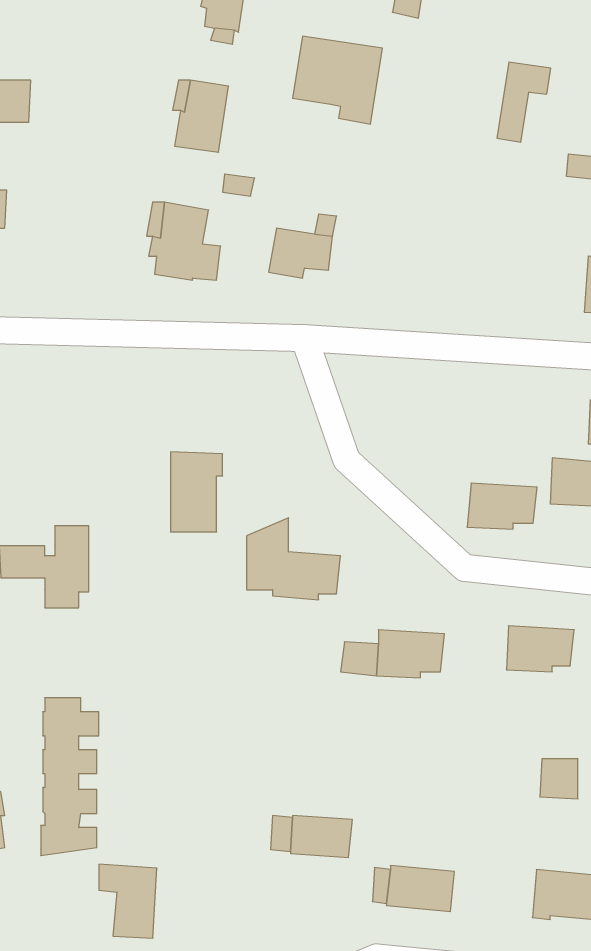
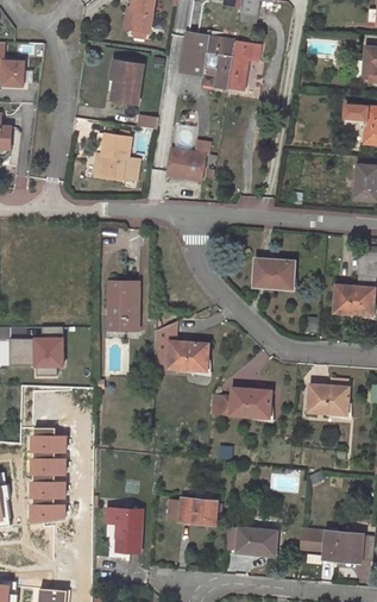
building: [497,62,551,142] -> [227,42,259,89]
building: [467,483,537,529] -> [253,259,295,287]
building: [540,759,578,799] -> [301,528,323,552]
building: [99,864,157,938] -> [107,508,142,552]

